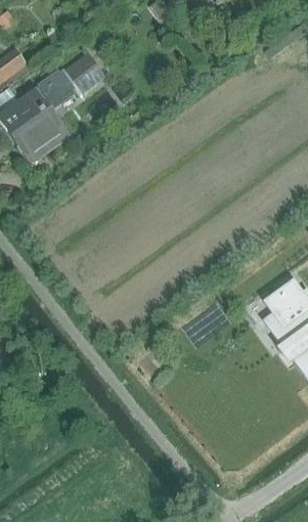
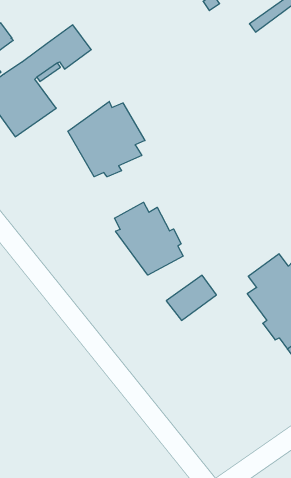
building: none -> [68,101,145,177]
building: none -> [115,202,183,275]

